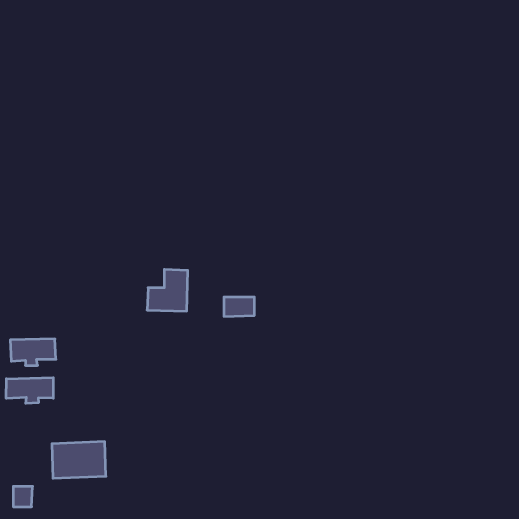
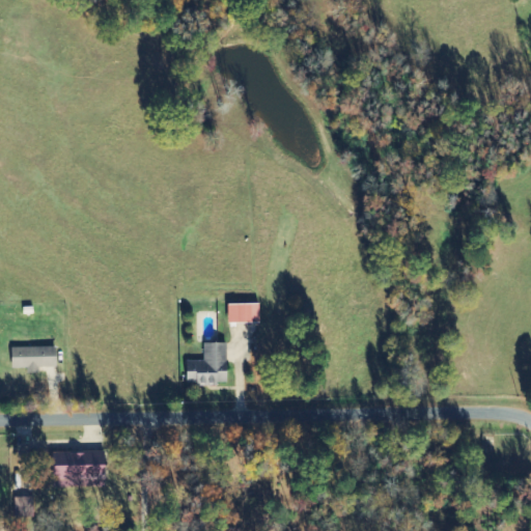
building: [147,269,188,311] -> [186,341,227,384]
building: [6,378,53,403] -> none

